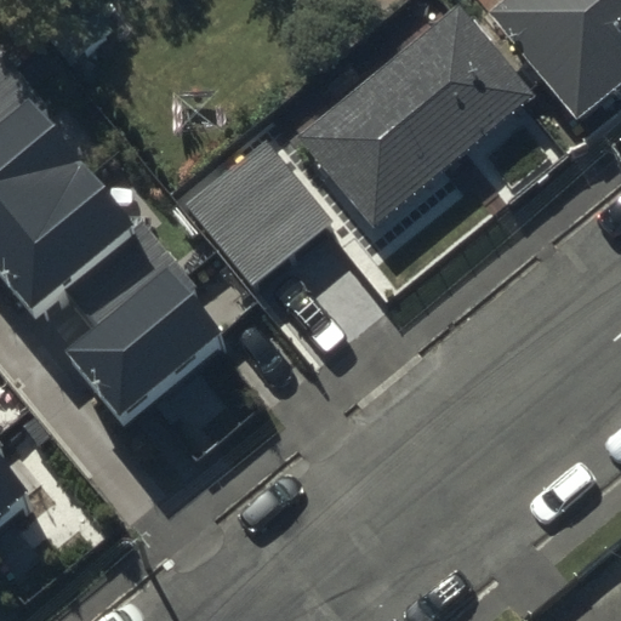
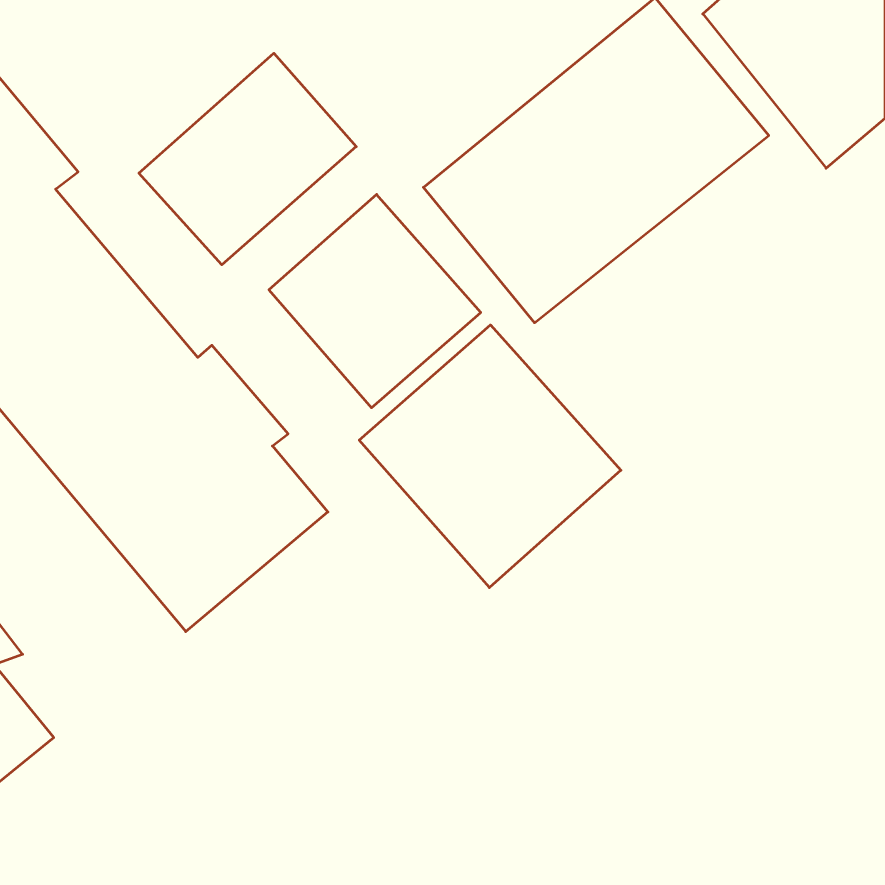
building: none -> [139,53,356,265]
building: none -> [359,325,621,588]

